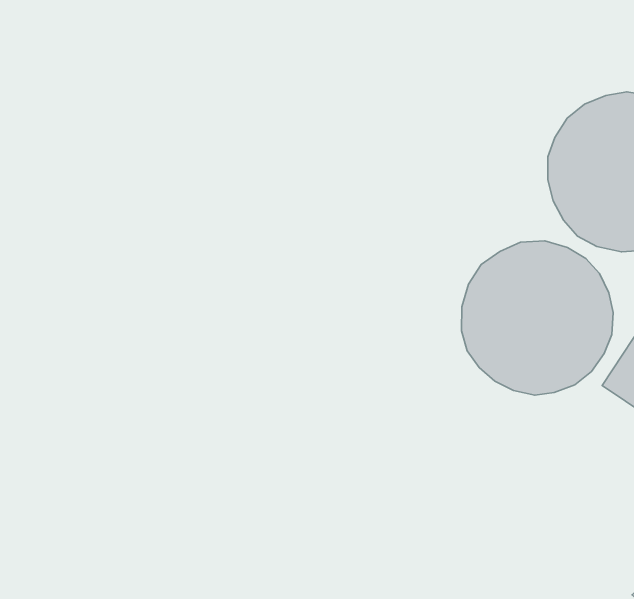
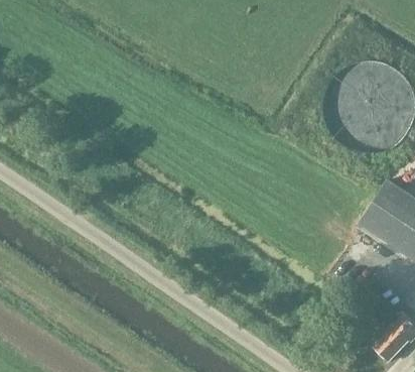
building: [462,241,613,395] -> none

